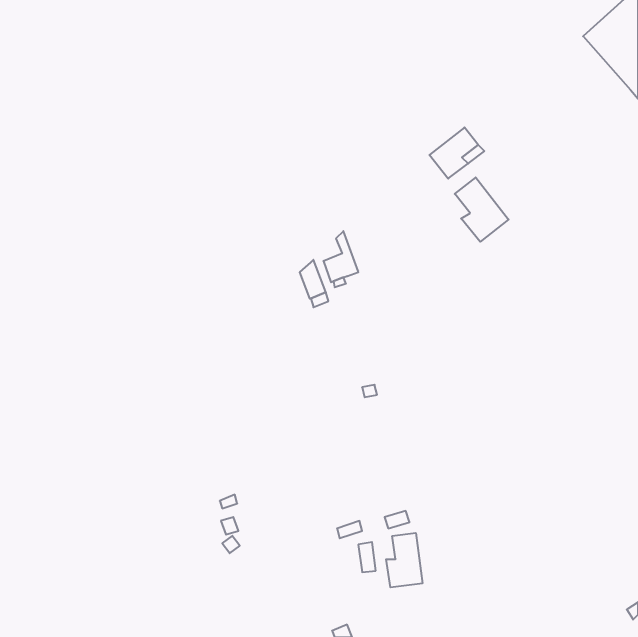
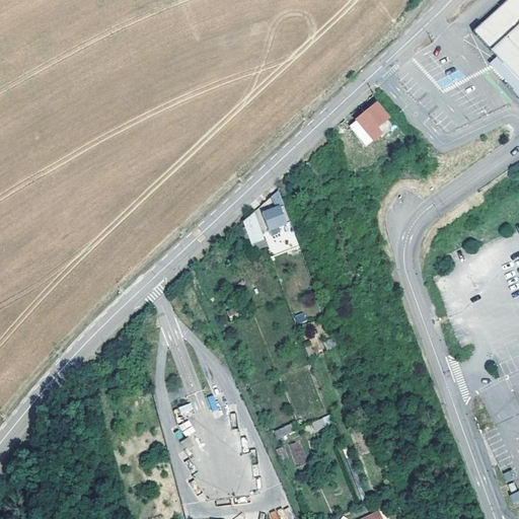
building: [455,177,509,242] -> none
building: [386,533,422,587] -> none

